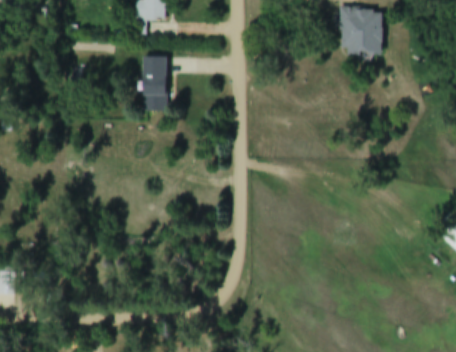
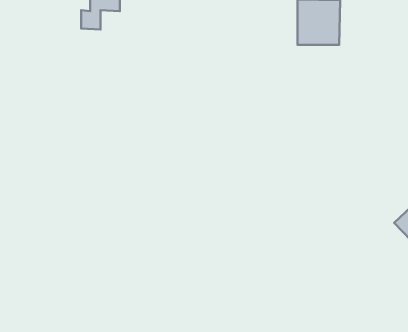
building: [143,57,166,111] -> none

